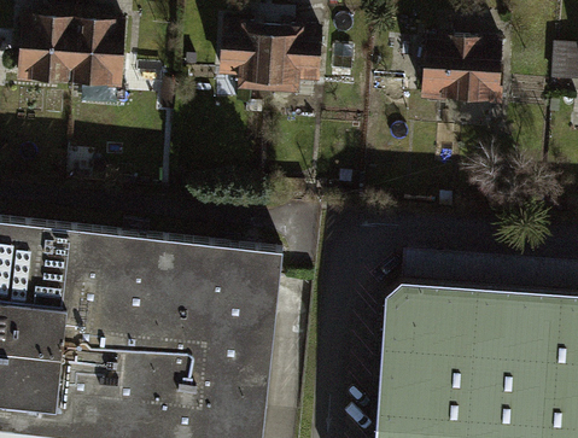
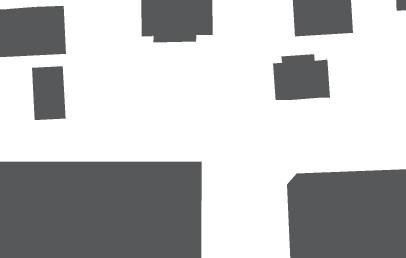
building: none -> [31,66,66,121]
building: none -> [272,54,331,101]

